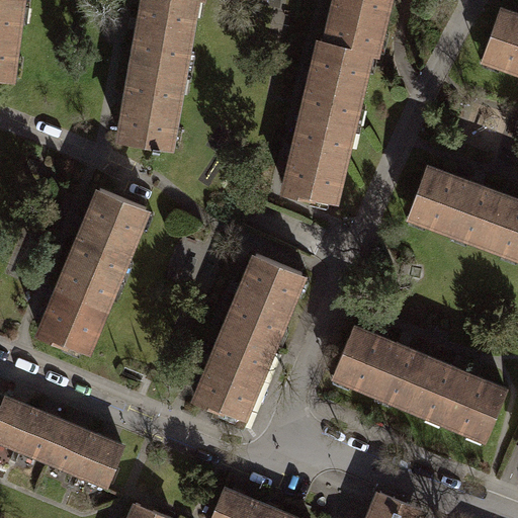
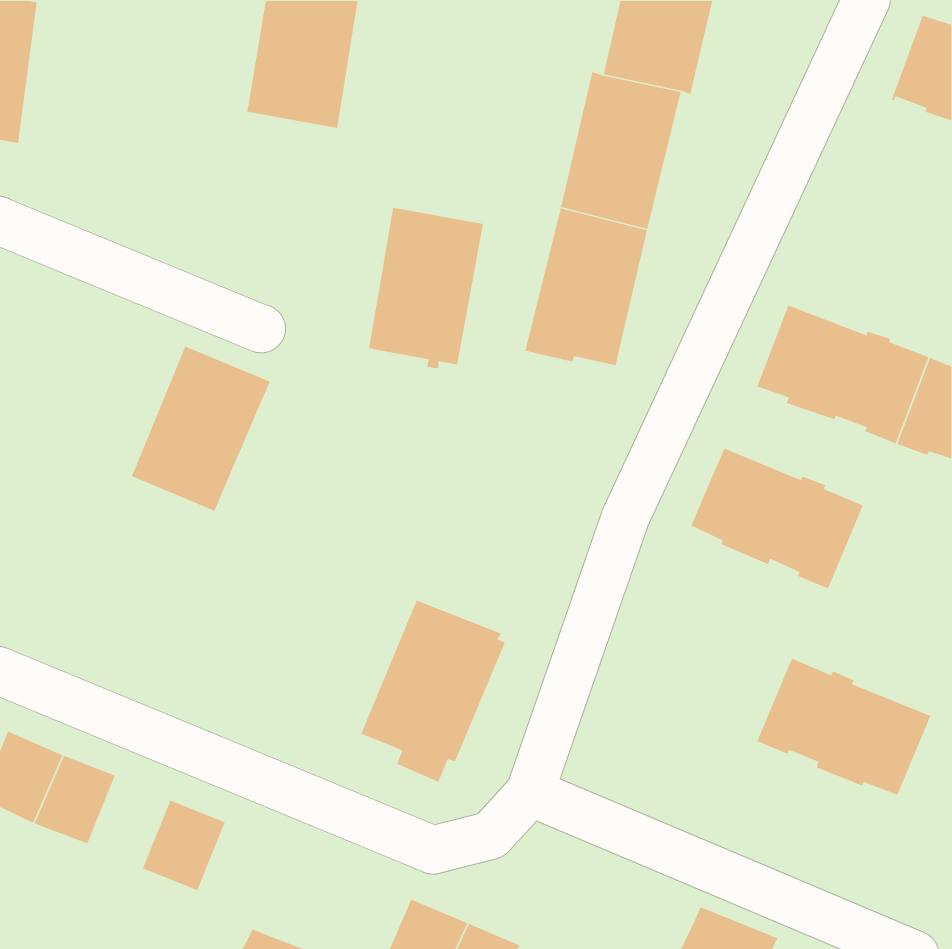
building: [120,64,183,152] -> [368,207,484,369]
building: [226,256,301,346] -> none
building: [39,261,116,352] -> none
building: [335,328,429,405] -> [690,447,864,589]
building: [48,423,92,473] -> none

